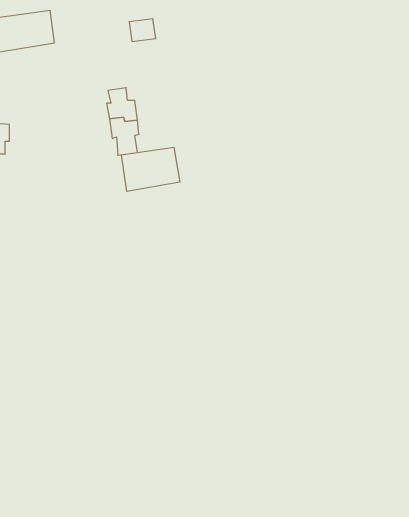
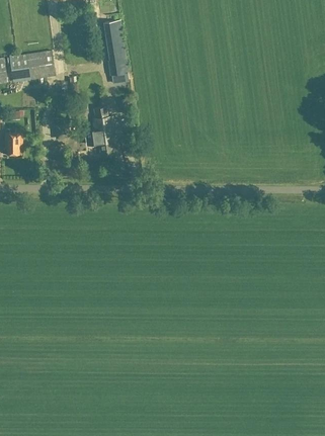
building: [121,147,180,191] -> none

